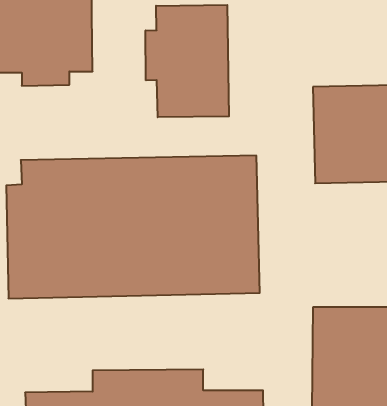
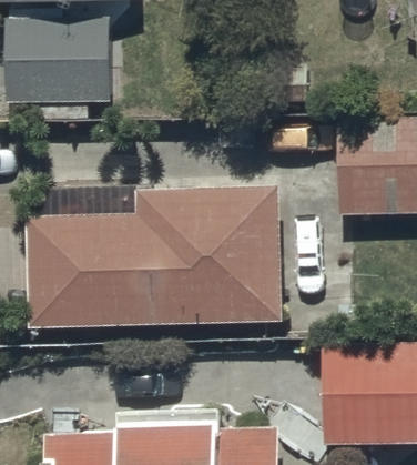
building: [146,5,229,117] -> none

